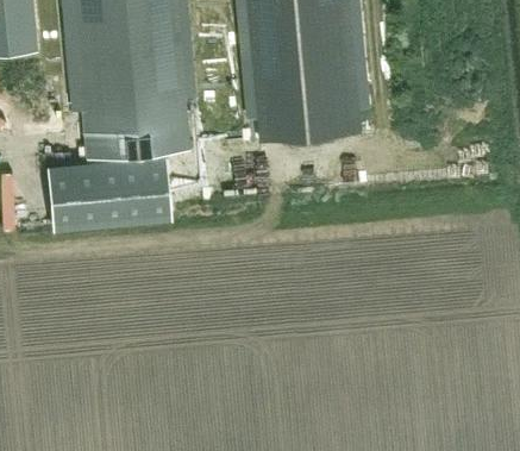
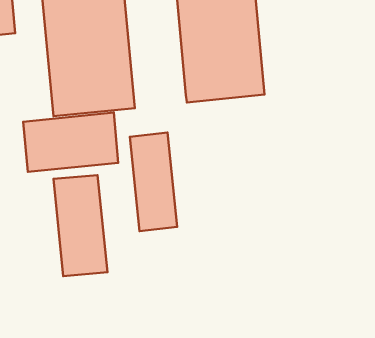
building: none -> [130,133,177,231]
building: none -> [53,175,107,276]

